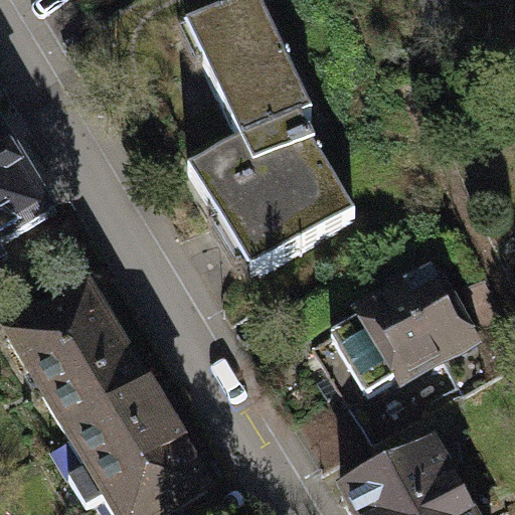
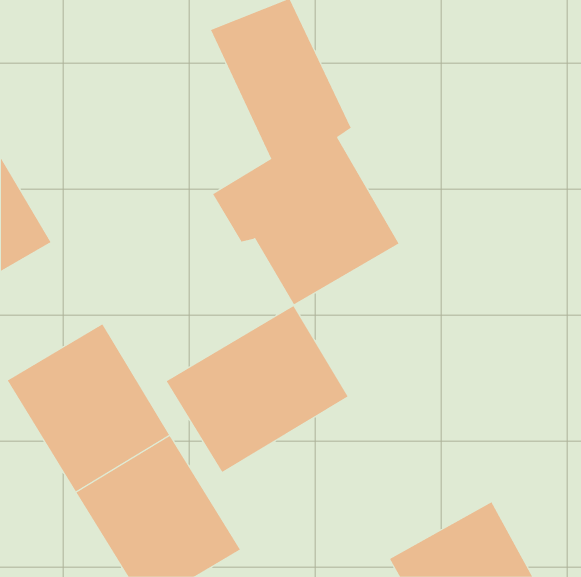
building: none -> [166,305,349,473]
building: [331,272,471,392] -> none

